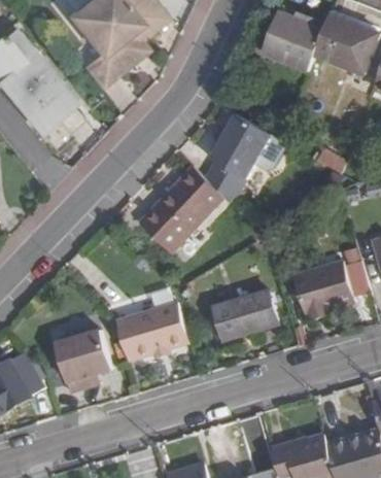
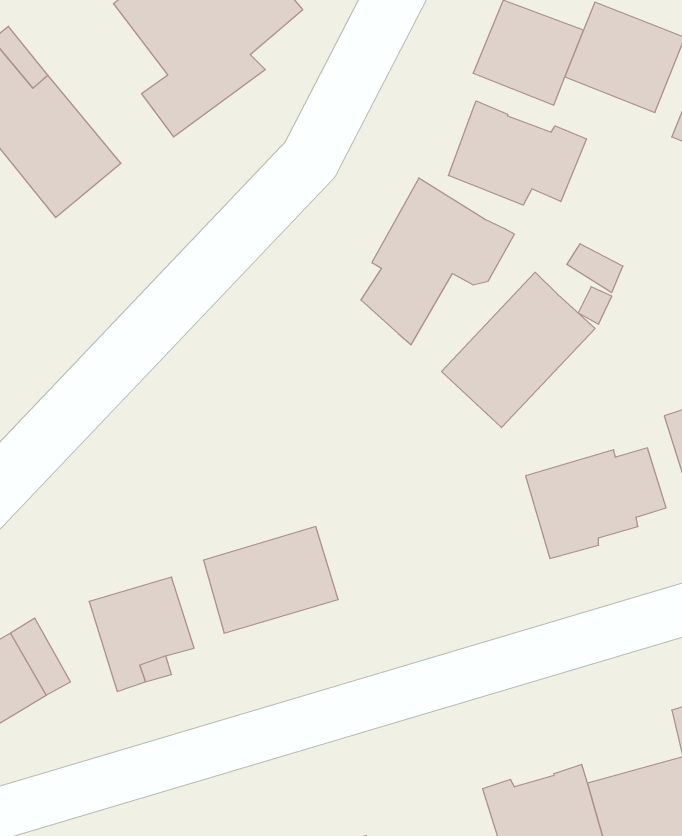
building: none -> [448,101,586,205]
building: [138,165,222,250] -> [442,272,595,428]
building: [214,289,277,336] -> none

